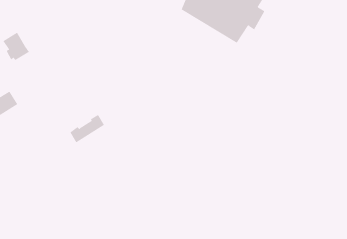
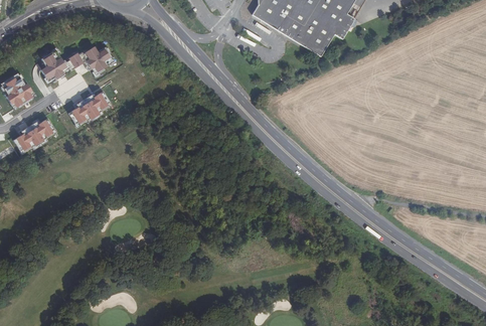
building: none -> [65,43,118,73]
building: [69,114,105,143] -> [67,90,111,125]

